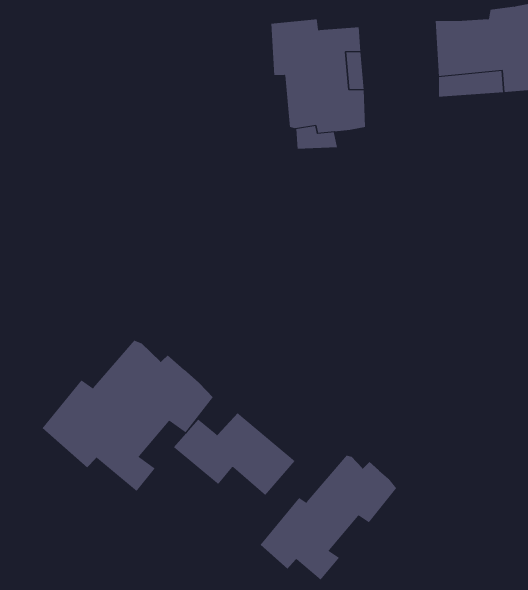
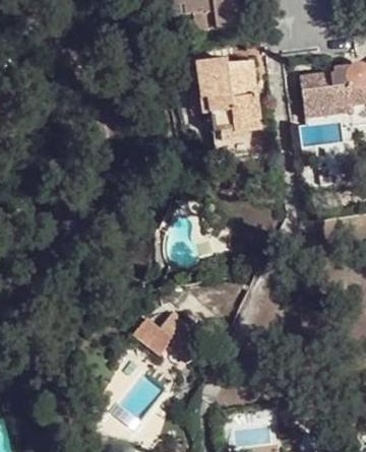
building: [42,340,214,492] -> none
building: [260,455,397,580] -> none

